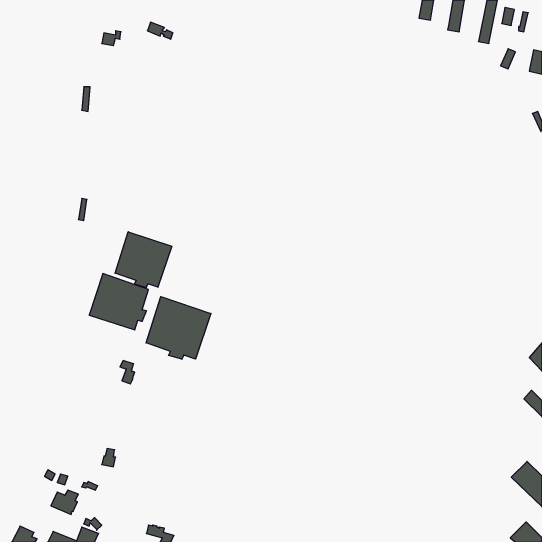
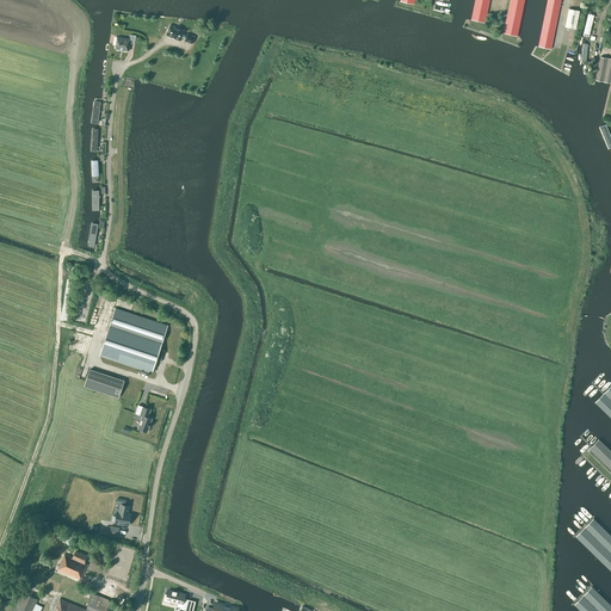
building: [115,232,172,288] -> none
building: [146,297,211,359] -> none
building: none -> [84,369,124,397]

